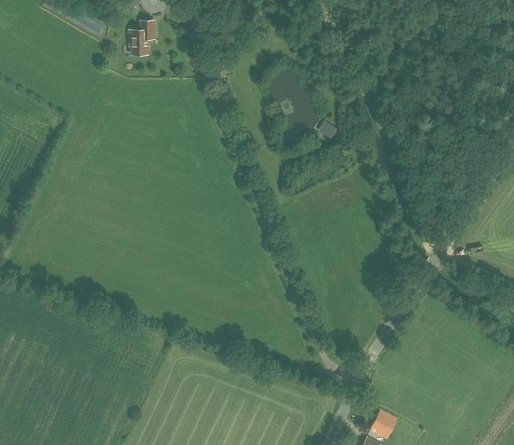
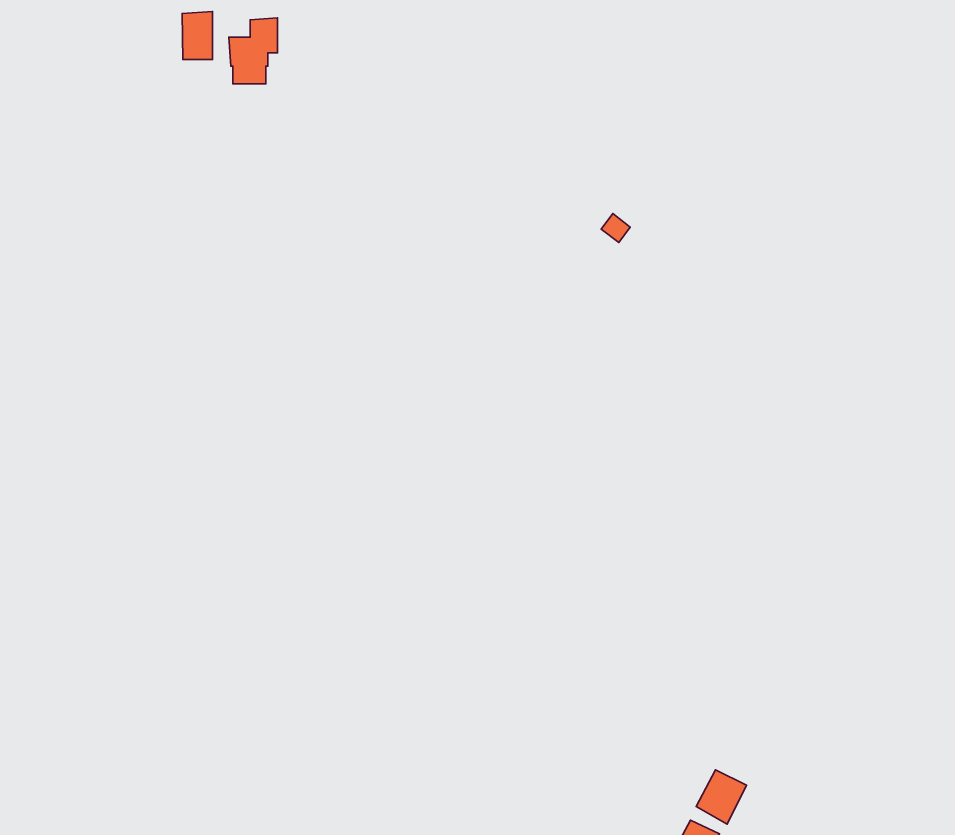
building: none -> [182,12,213,59]

